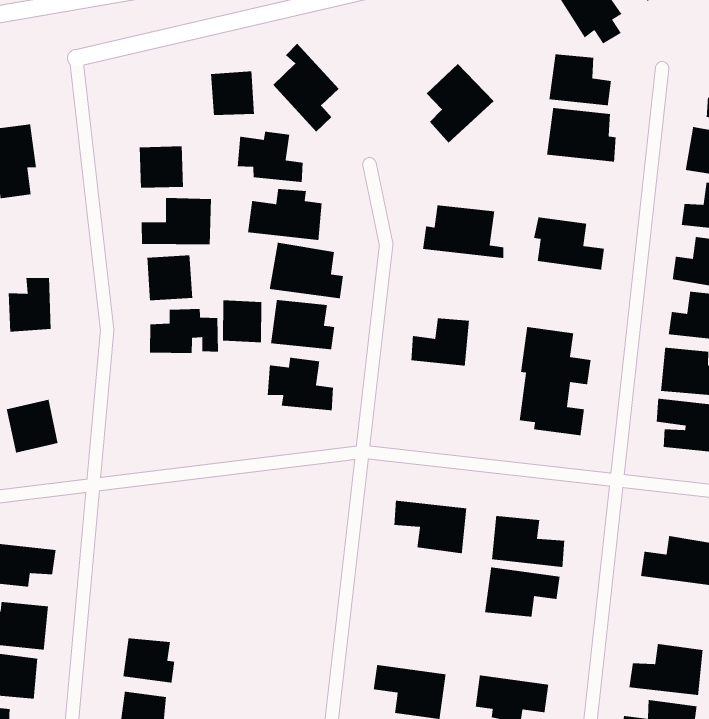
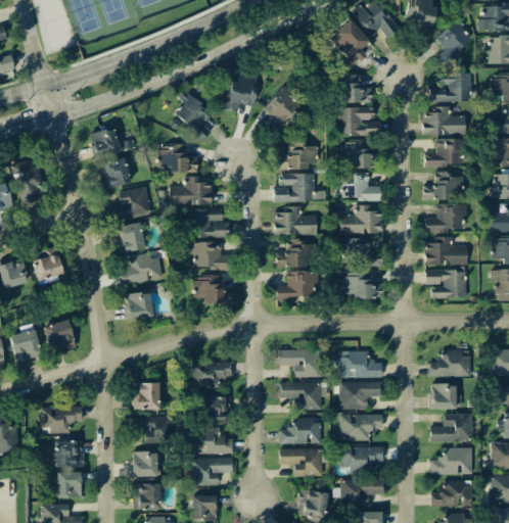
building: none -> [224,74,262,112]
building: [210,71,255,116] -> [91,128,121,157]
building: none -> [278,141,316,170]
building: none -> [342,142,373,169]
building: none -> [275,207,318,235]
building: none -> [340,205,383,233]
building: [222,300,262,343] -> [127,292,153,319]
building: none -> [277,272,313,300]
building: none -> [191,361,234,388]
building: none -> [134,382,160,410]
building: none -> [281,381,329,410]
building: none -> [203,396,227,423]
building: none -> [131,417,163,443]
building: none -> [432,384,462,409]
building: none -> [191,428,234,454]
building: none -> [280,417,322,444]
building: none -> [341,414,383,440]
building: none -> [190,458,233,485]

